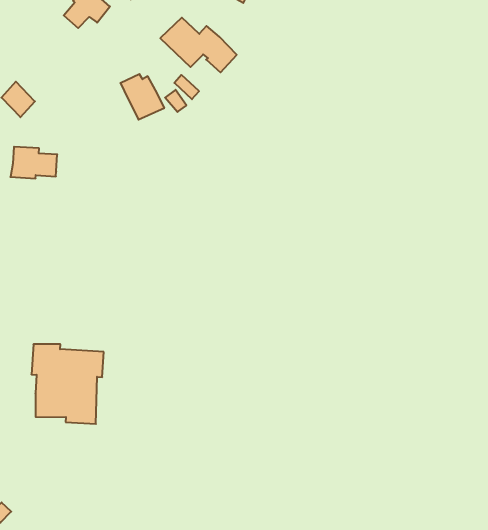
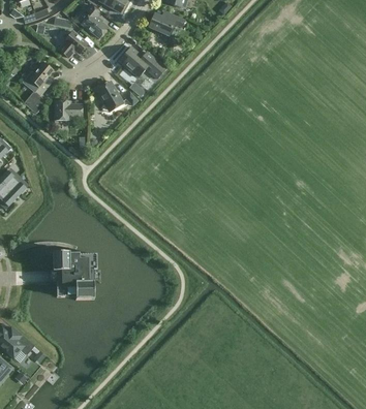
building: none -> [28,62,52,95]
building: [10,147,57,178] -> [53,100,81,119]

